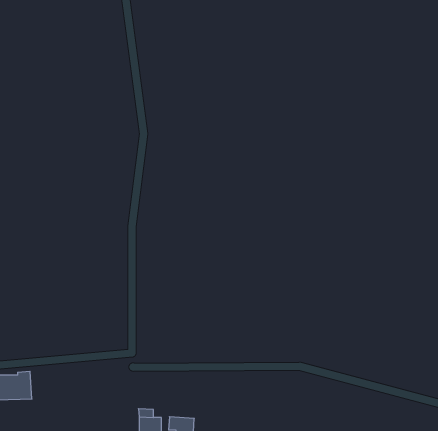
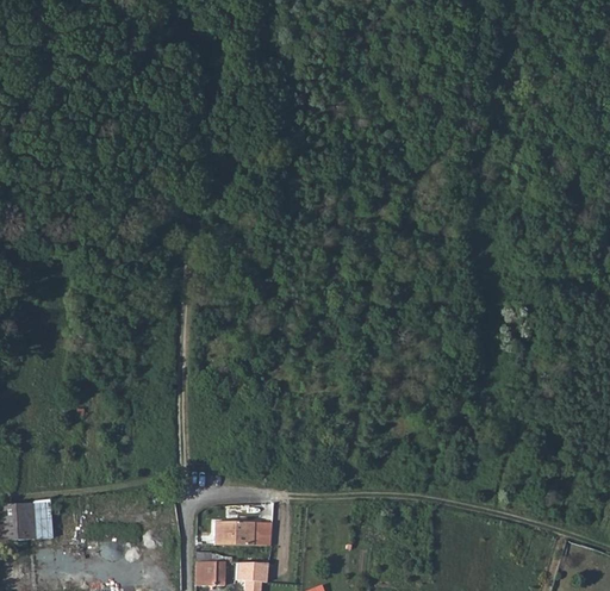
building: none -> [213,522,272,547]

